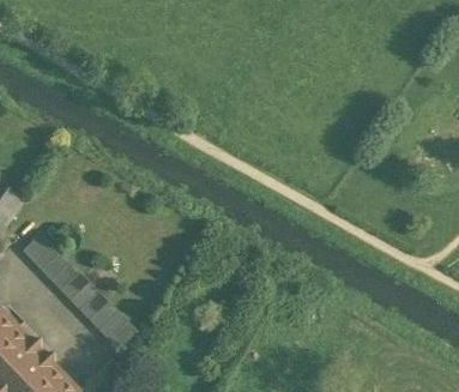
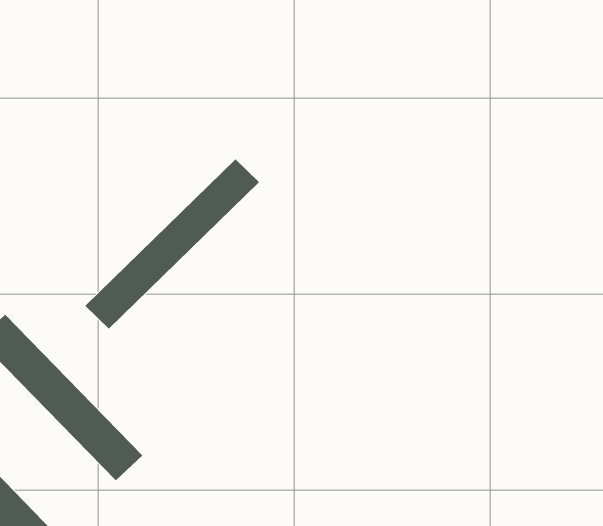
building: none -> [85,159,260,329]

